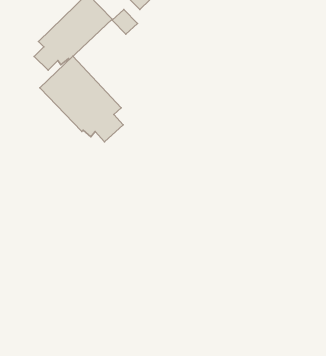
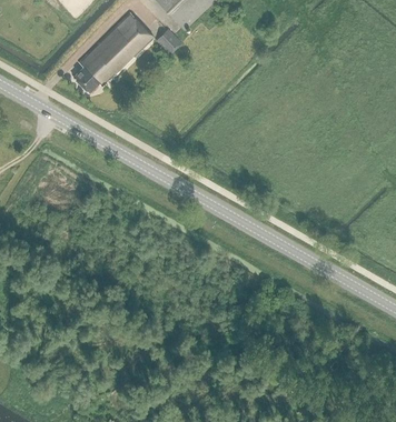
building: [40,56,123,142] -> none

